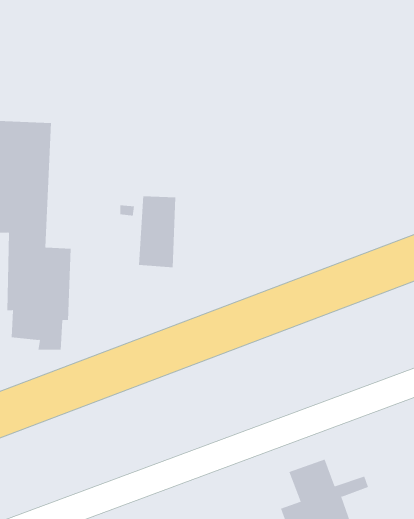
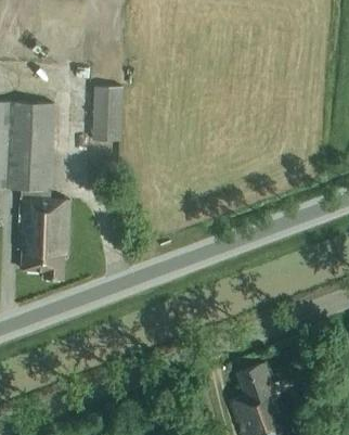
building: [138,196,176,268] -> [93,86,122,141]

